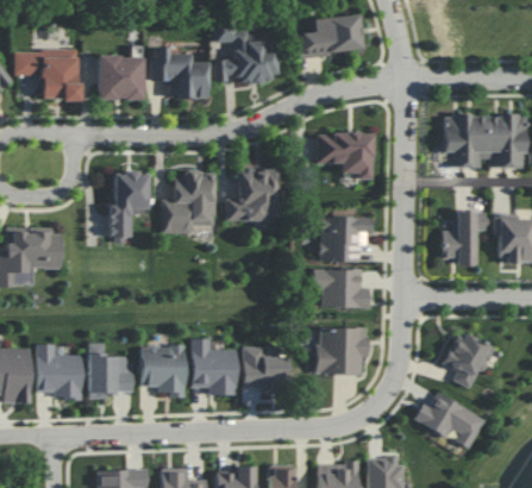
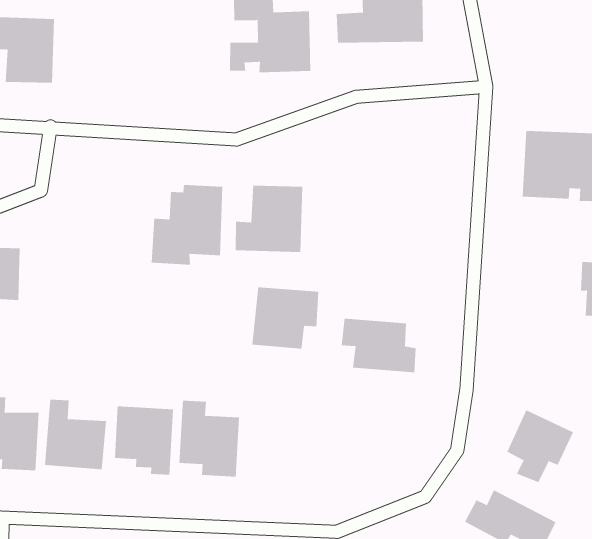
building: [151,46,208,98] -> none
building: [98,55,143,100] -> none
building: [317,132,373,179] -> none
building: [109,171,149,240] -> none
building: [442,209,486,265] -> none
building: [319,215,369,262] -> [251,287,319,349]
building: [317,326,369,375] -> none
building: [243,345,289,390] -> none

